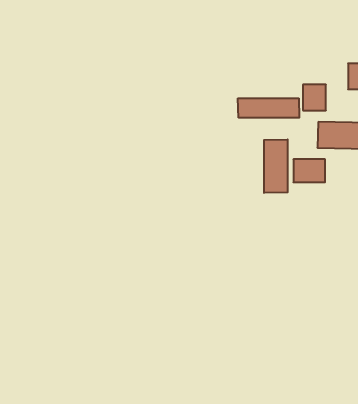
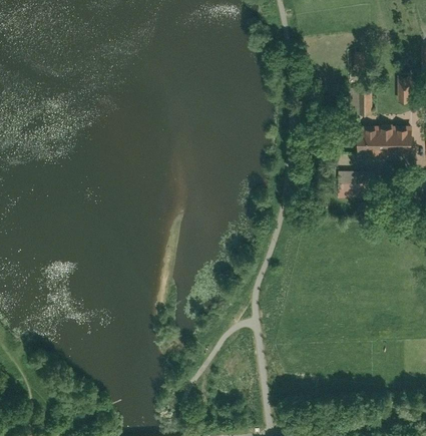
building: [238,98,299,118] -> none
building: [264,139,288,193] -> none

